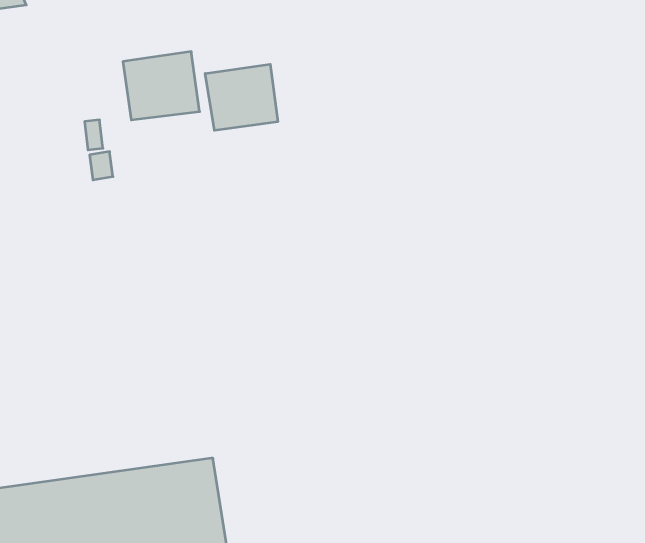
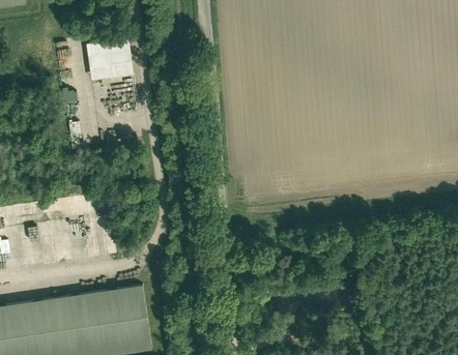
building: [205,64,278,130] -> none

